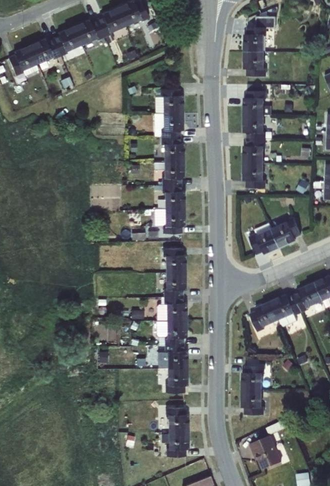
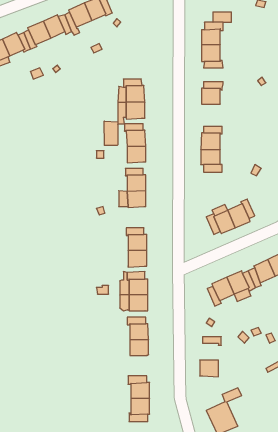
building: [243,115,263,133] -> none
building: none -> [104,121,118,145]
building: [241,372,261,390] -> none

